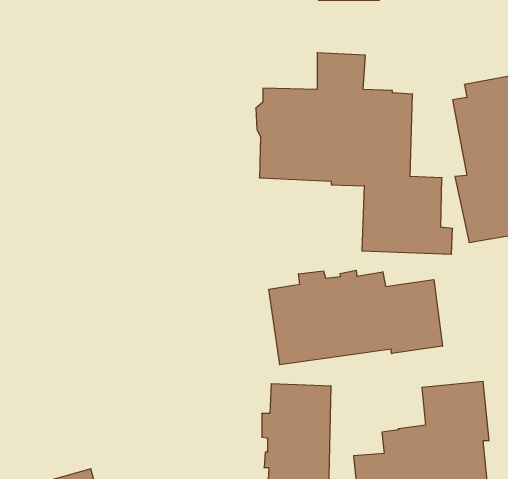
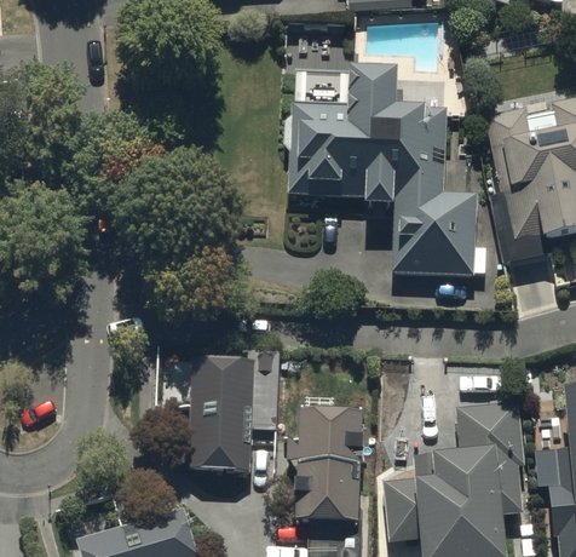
building: [269,270,442,365] -> none
building: none -> [156,349,281,470]

